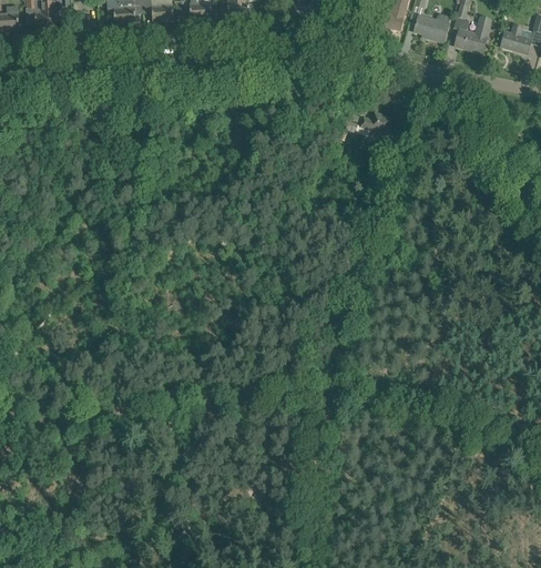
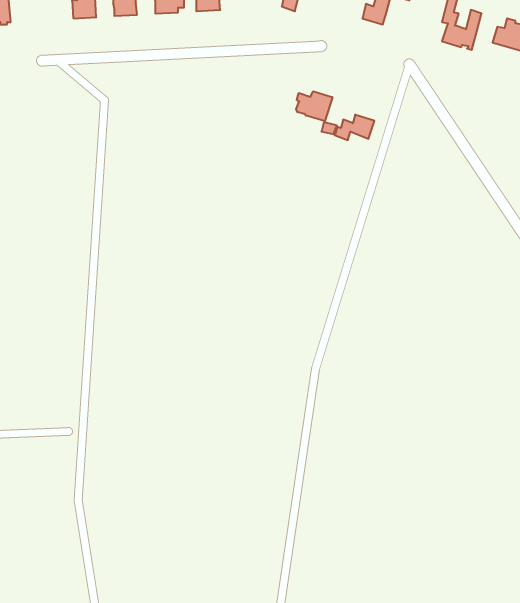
building: [414,11,450,40] -> none
building: none -> [296,91,332,121]

